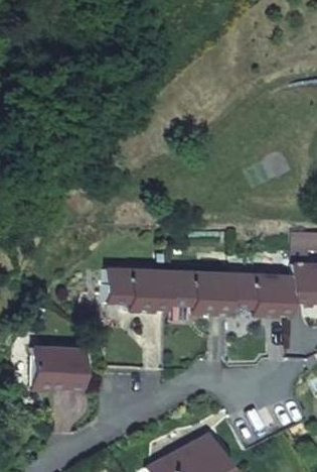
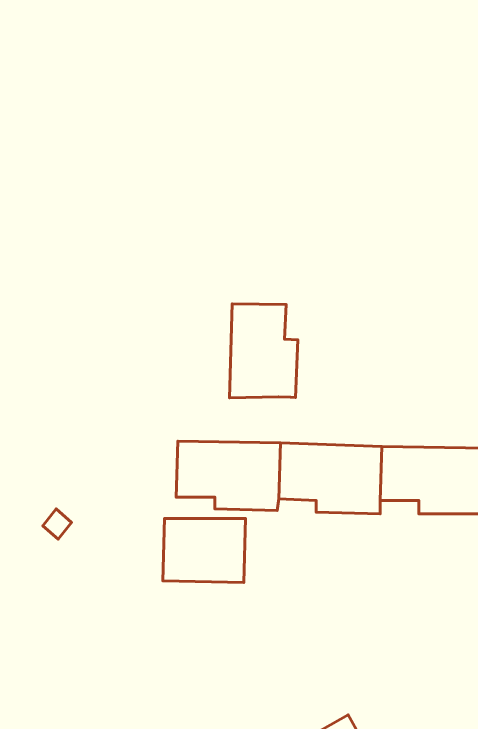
building: none -> [230,304,298,398]
building: [33,350,83,388] -> [163,518,246,583]

